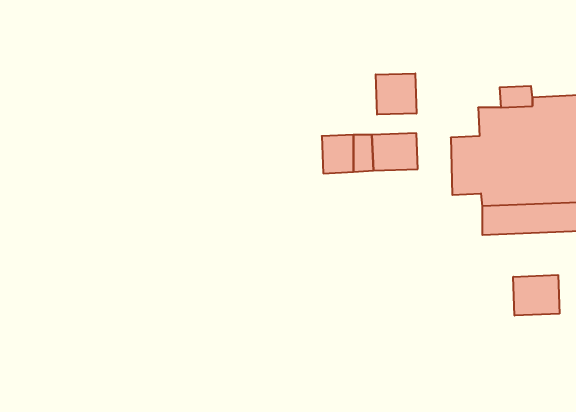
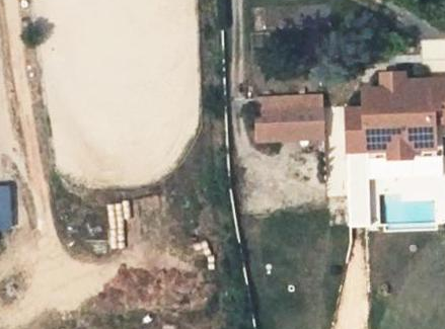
building: [376,73,416,115] -> none
building: [513,275,559,316] -> none

